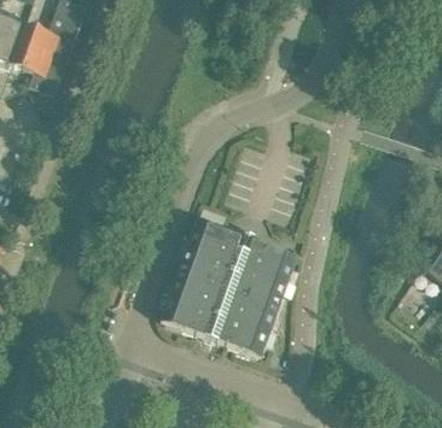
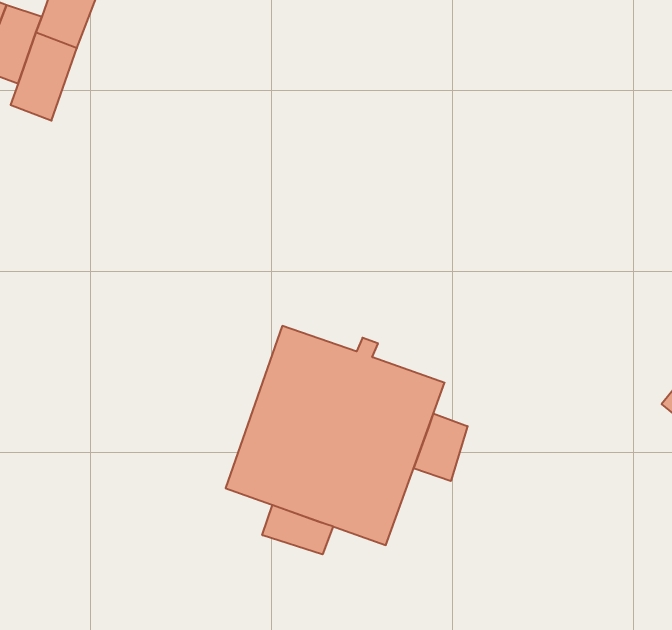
building: none -> [414,414,468,481]
building: none -> [262,505,333,554]

